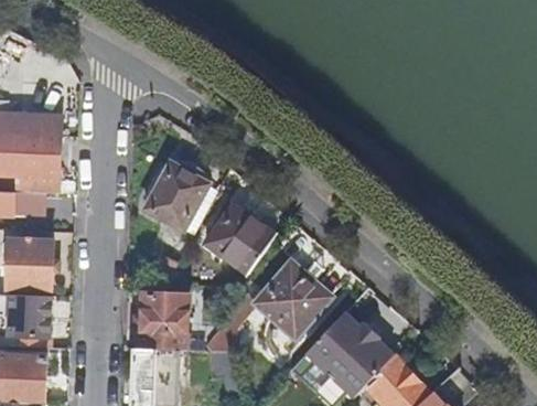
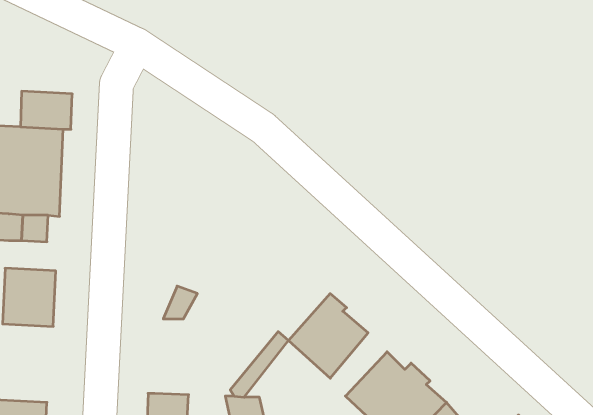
building: [144,160,210,229] -> none
building: [205,206,275,275] -> none
building: [140,295,189,352] -> none
building: [10,296,51,349] -> none

